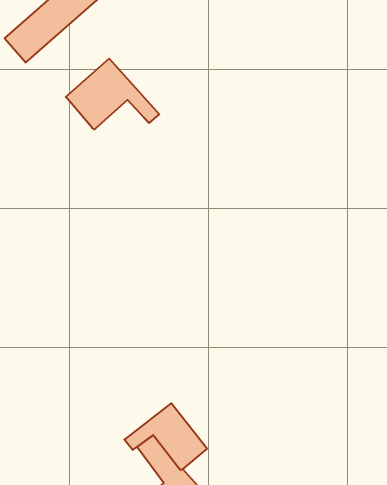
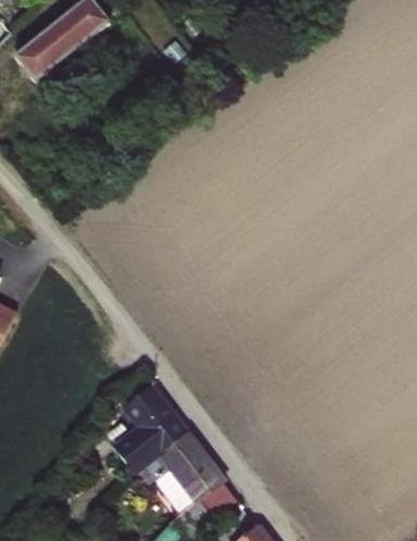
building: [66,59,159,129] -> none
building: none -> [113,384,186,472]

